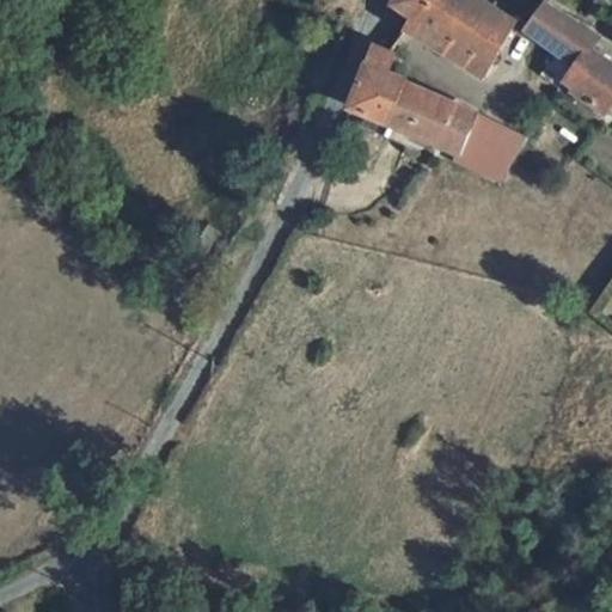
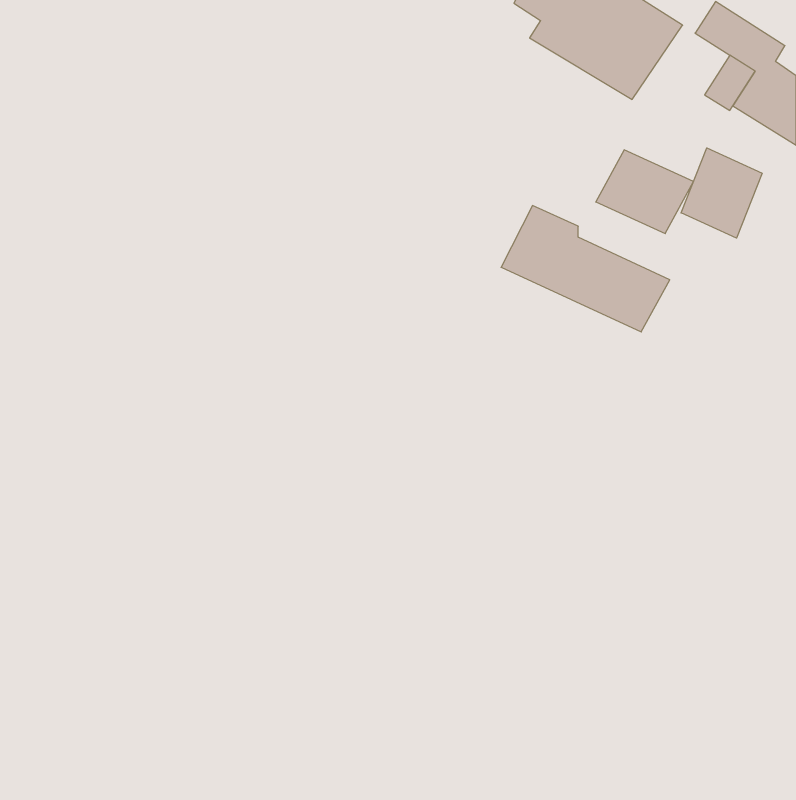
building: [345,57,473,153] -> [501,206,670,332]
building: none -> [681,148,762,238]

